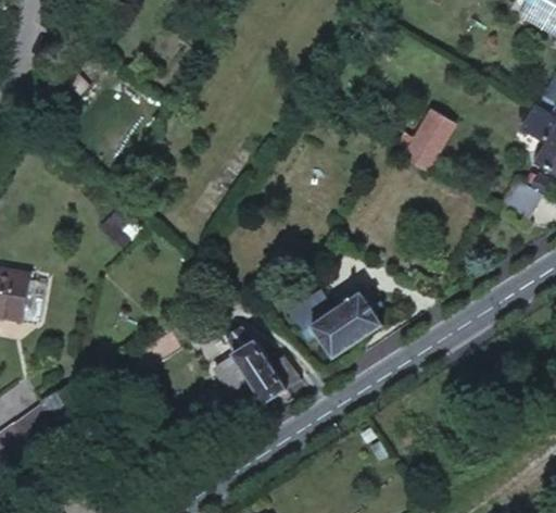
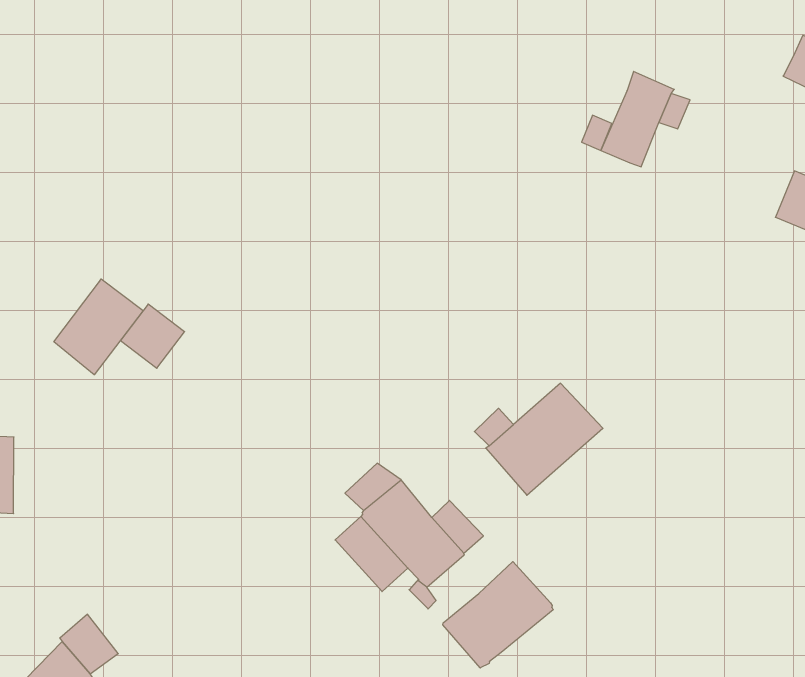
building: none -> [54,279,143,375]
building: none -> [443,562,553,668]

